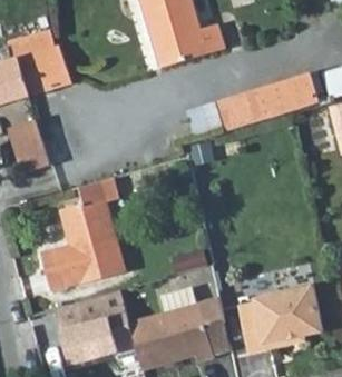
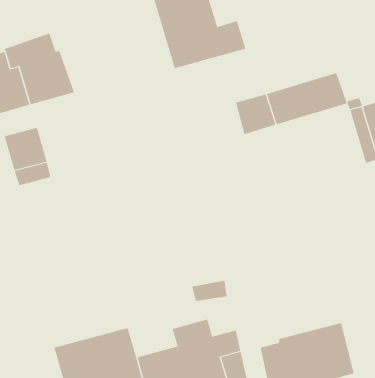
building: [40,171,124,285] -> none

